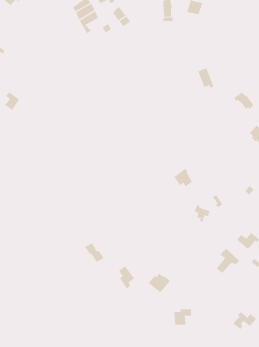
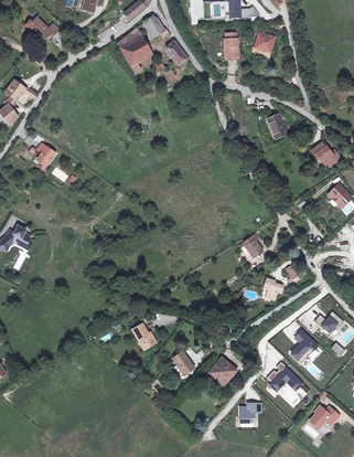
building: none -> [269,362,303,391]

